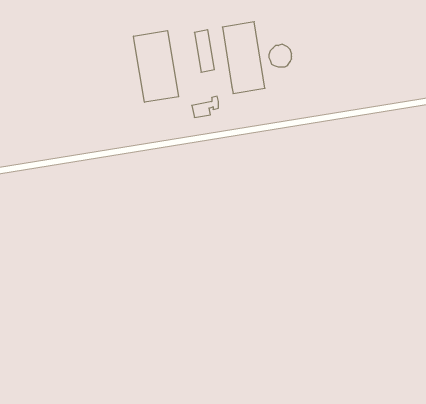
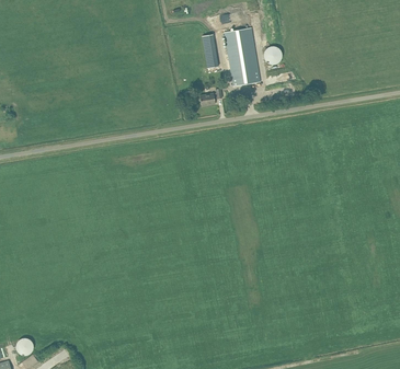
building: [134,31,179,102] -> none

